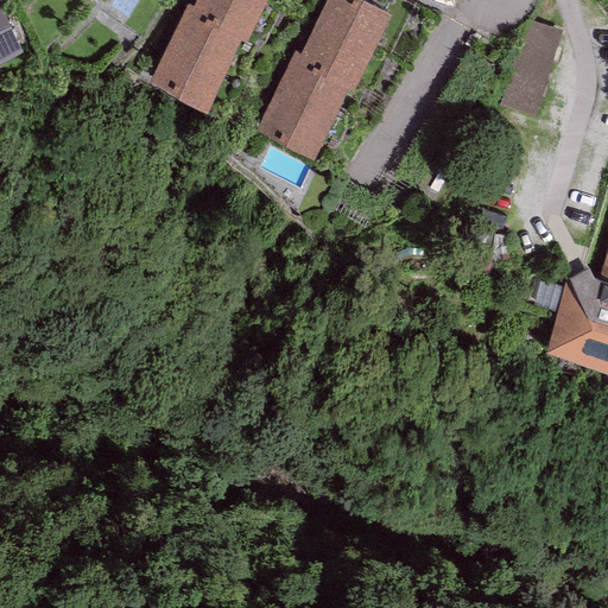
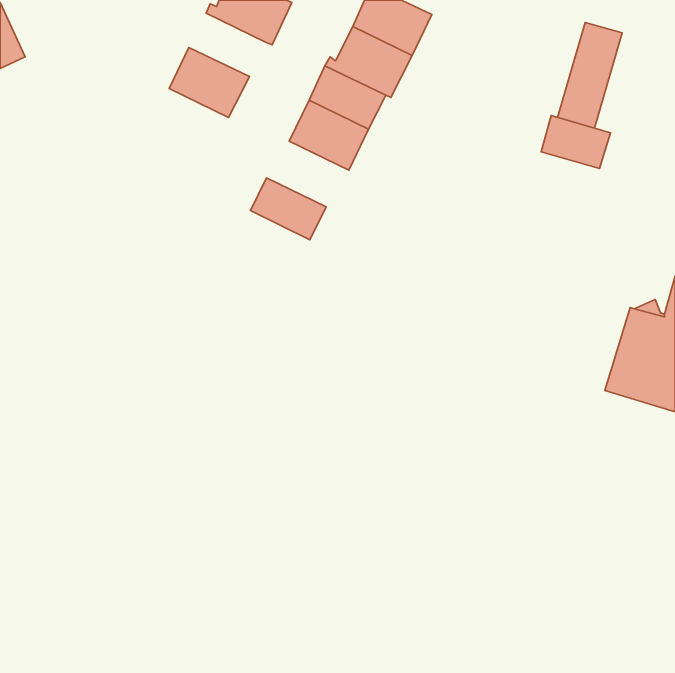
building: [170,13,239,70] -> none
building: none -> [541,116,610,168]
building: none -> [250,178,326,240]

